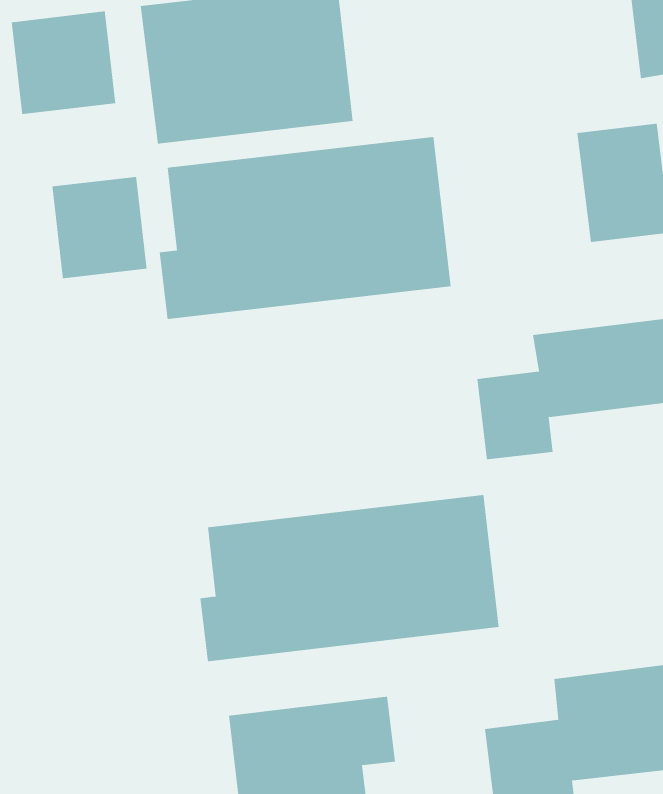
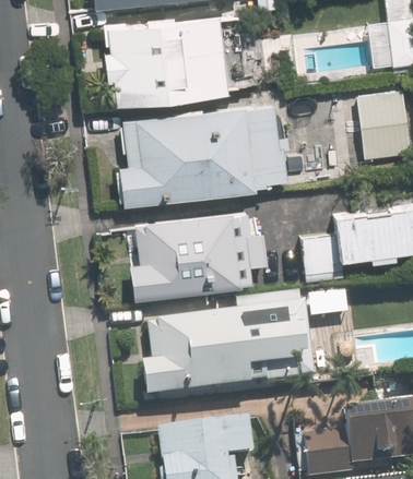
building: [11,11,116,115] -> none
building: [52,176,147,279] -> none
building: none -> [130,209,267,298]

